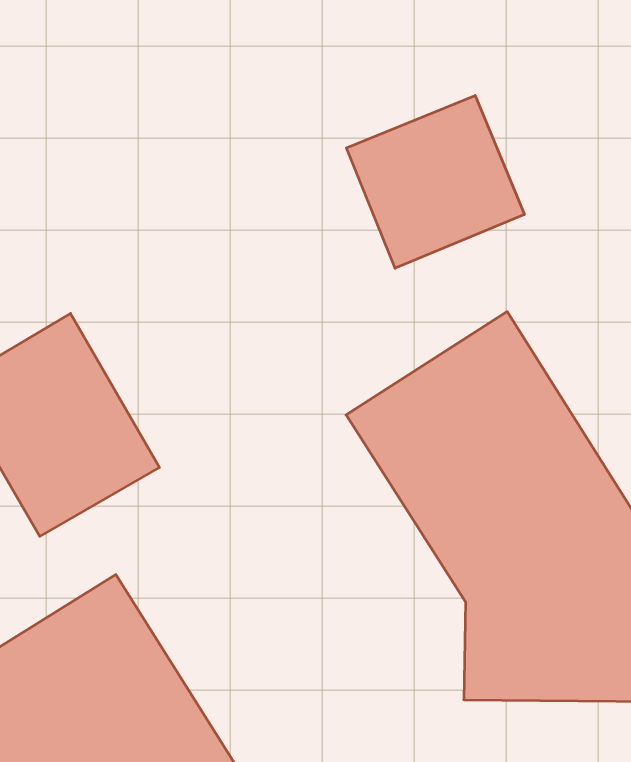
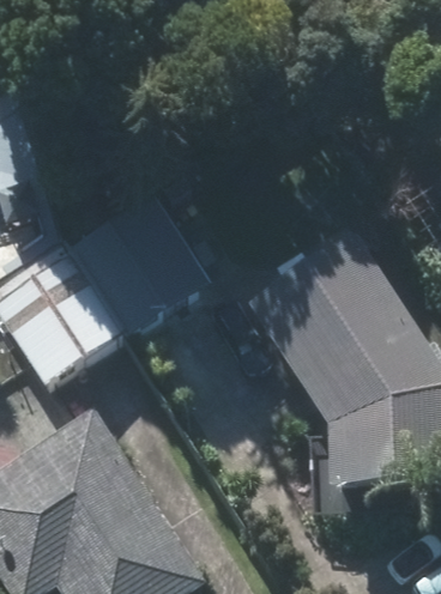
building: [346,95,524,268] -> none
building: none -> [67,186,219,341]

